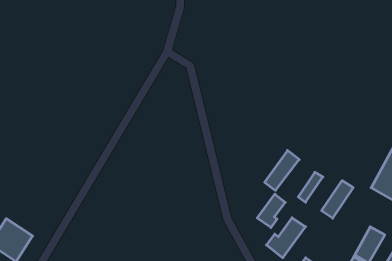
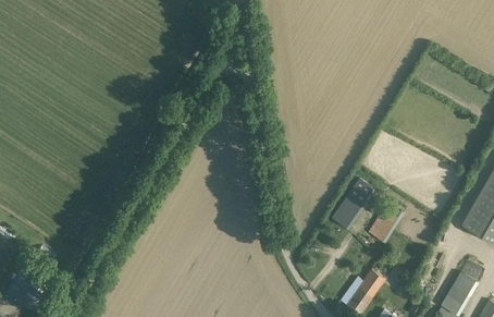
building: [322,181,353,218] -> none
building: [257,194,285,228] -> none

